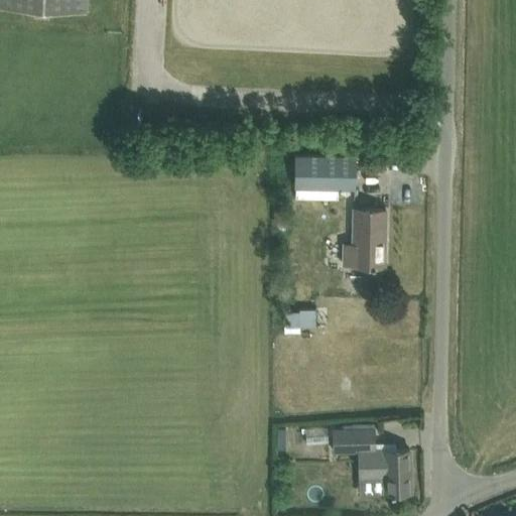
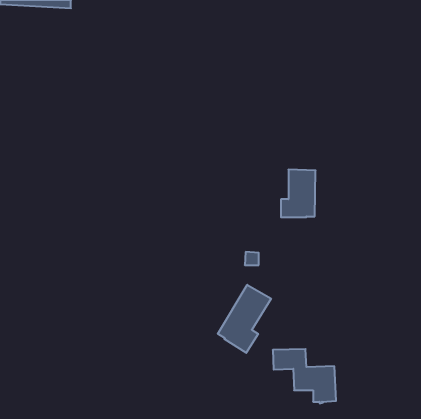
building: [293,157,355,189] -> none
building: none -> [218,285,271,353]

